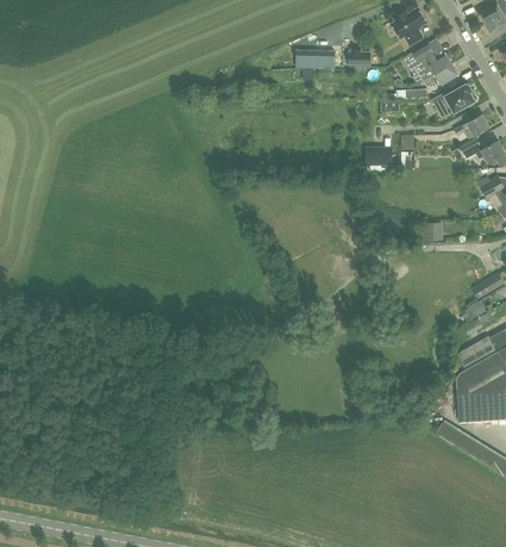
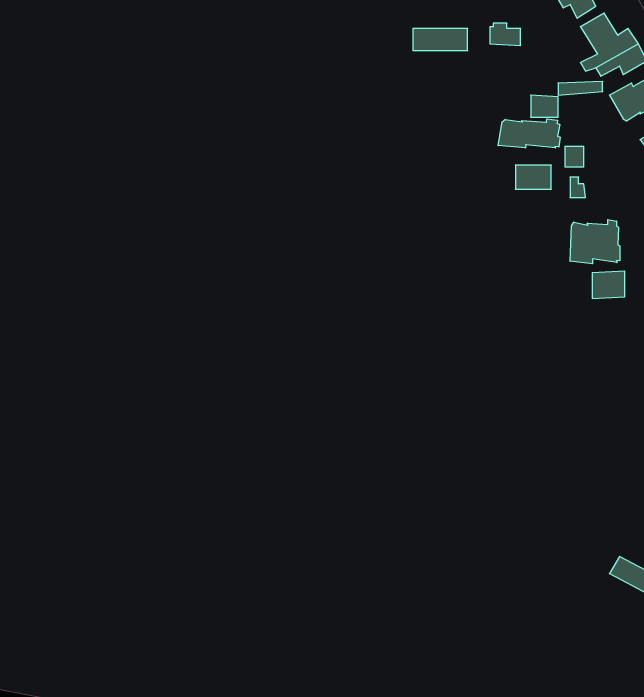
building: none -> [498,119,560,148]
building: none -> [570,220,620,264]

